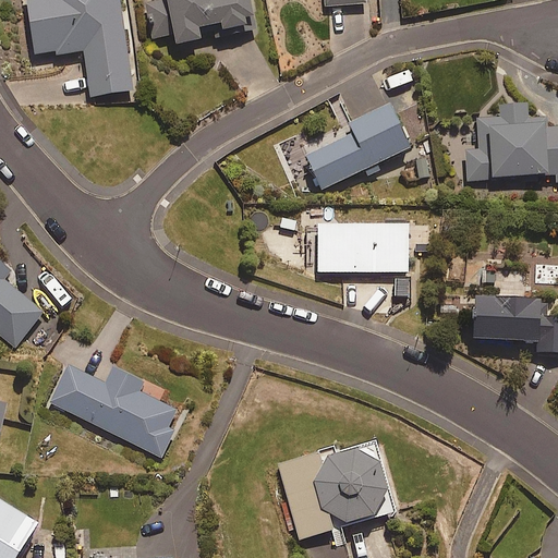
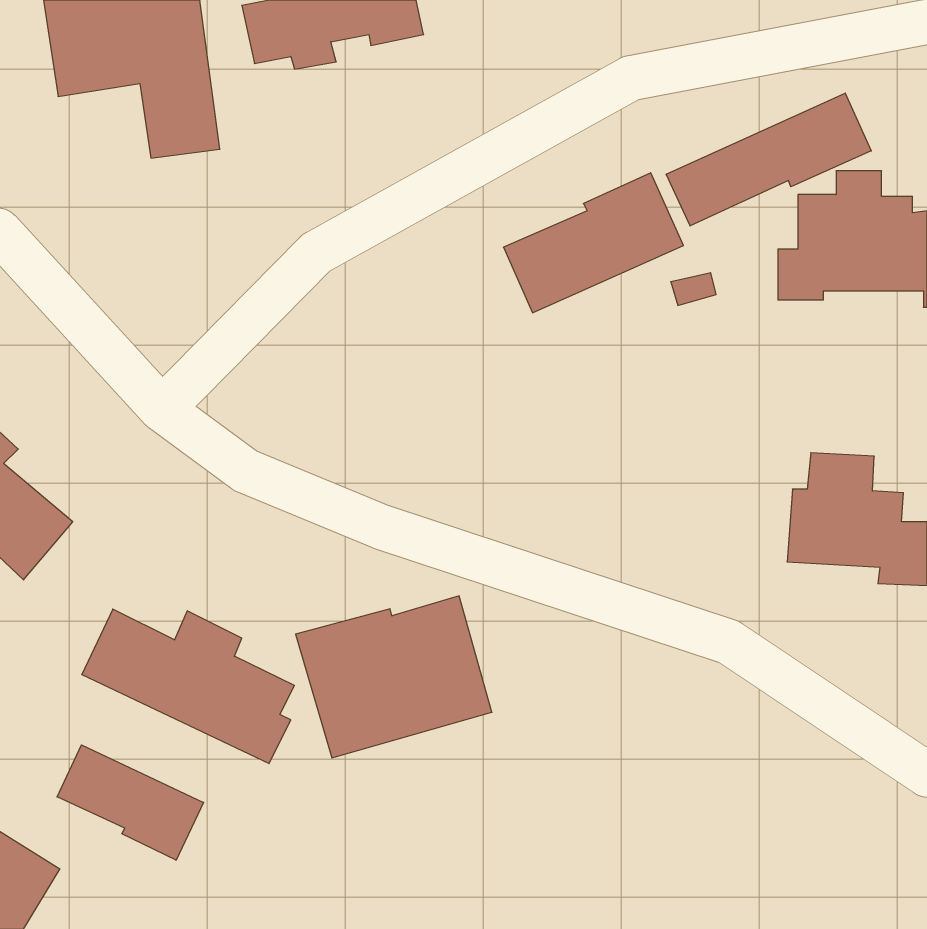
building: none -> [666,93,871,226]
building: [318,222,409,270] -> none
building: [277,440,395,537] -> [296,596,492,758]
building: none -> [57,745,204,860]

